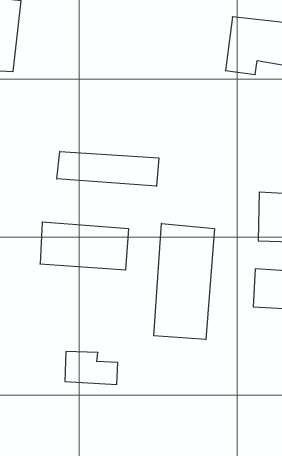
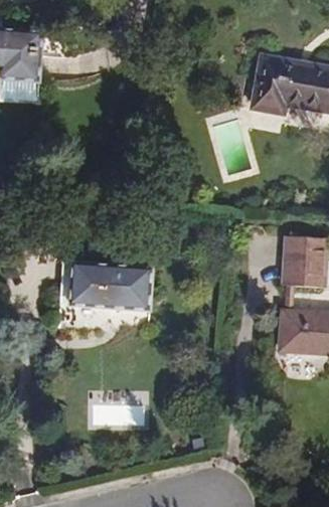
building: [57,151,159,186] -> none
building: [154,223,214,340] -> none

